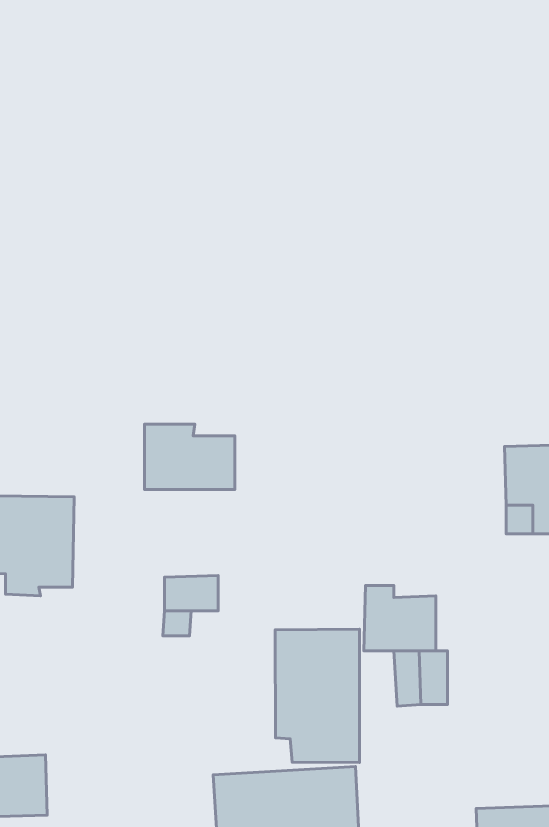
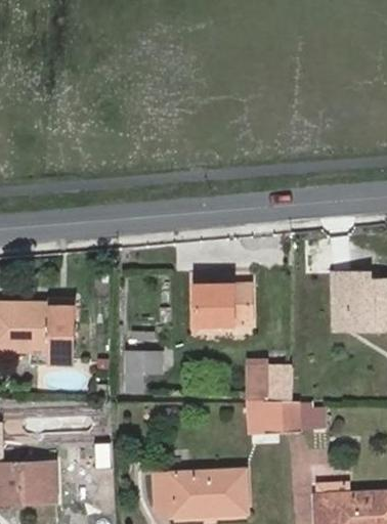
building: [144,424,235,489] -> [197,282,252,322]
building: [275,629,360,762] -> none

